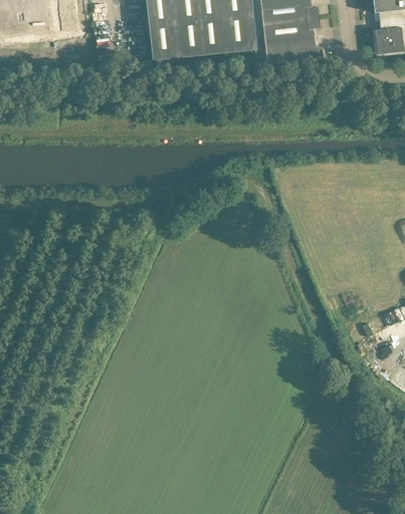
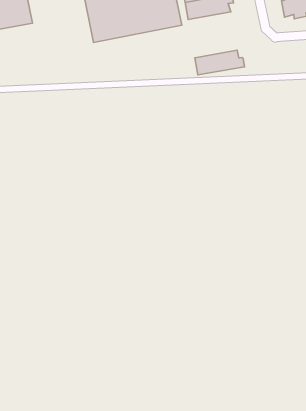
building: [265,36,323,61] -> [195,50,245,75]

